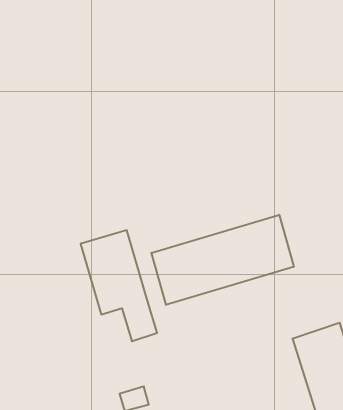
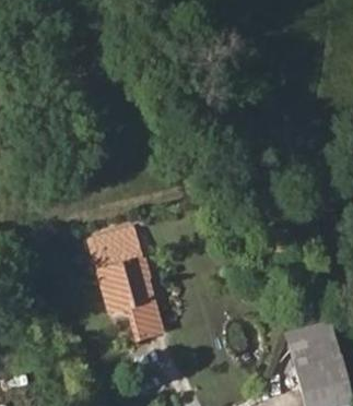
building: [151,215,294,305] -> none

